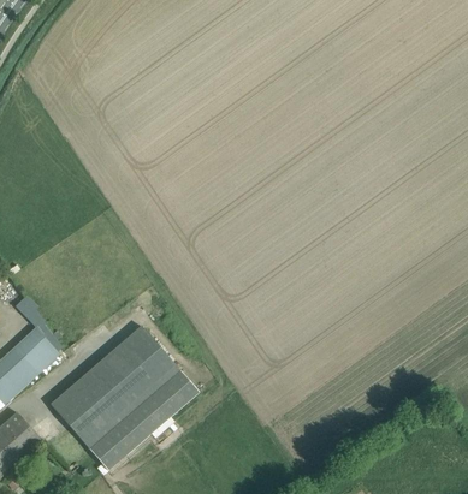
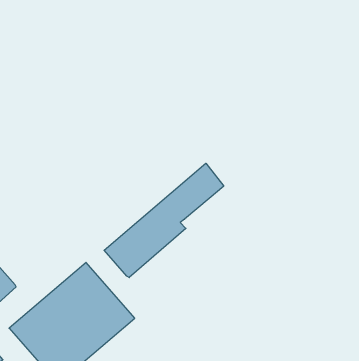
building: none -> [104,163,224,278]

